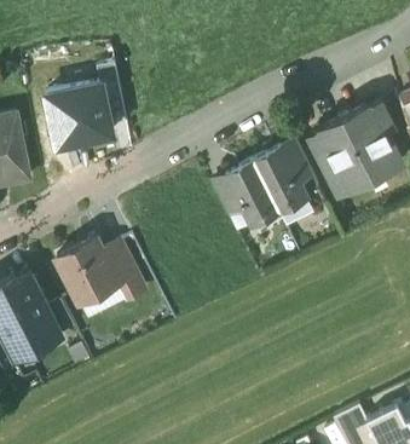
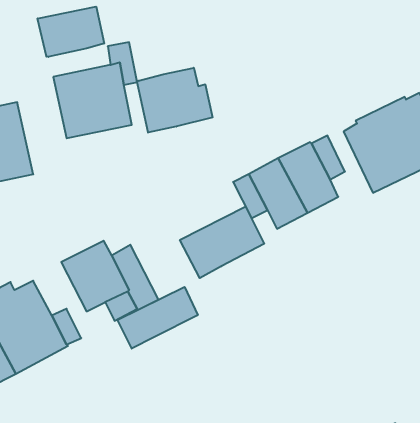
building: none -> [38,7,104,57]
building: none -> [137,68,213,133]
building: none -> [180,207,264,278]
building: none -> [117,287,198,349]

